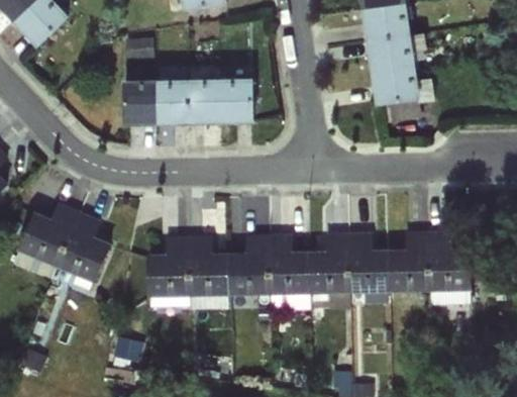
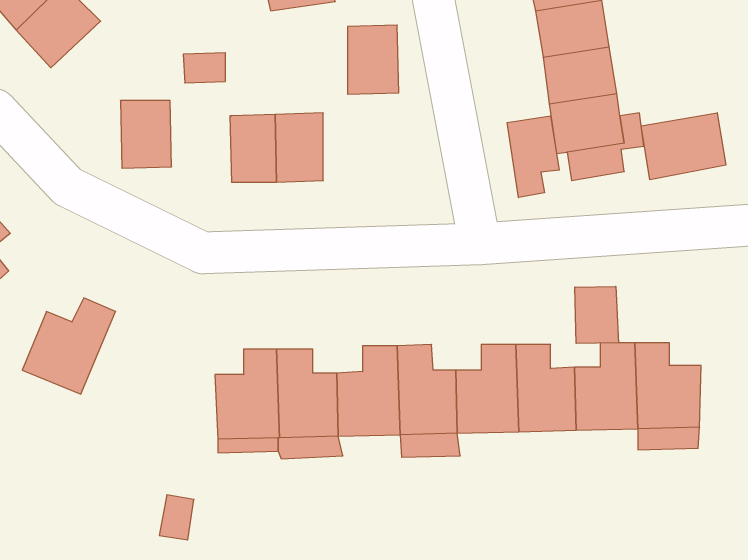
building: [219,78,253,124] -> [348,25,399,94]
building: none -> [641,113,726,180]
building: none -> [507,116,559,198]
building: [123,81,158,126] -> [120,101,172,168]
building: none -> [575,286,618,343]
building: [57,212,111,284] -> none

